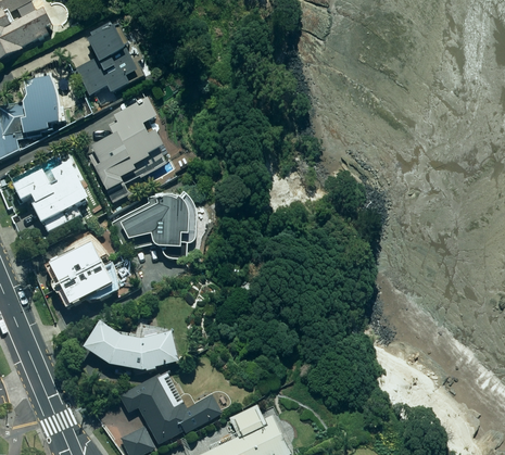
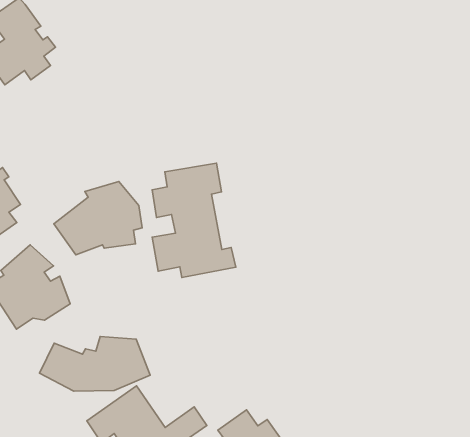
building: [91,99,175,191] -> none
building: none -> [152,163,236,277]

